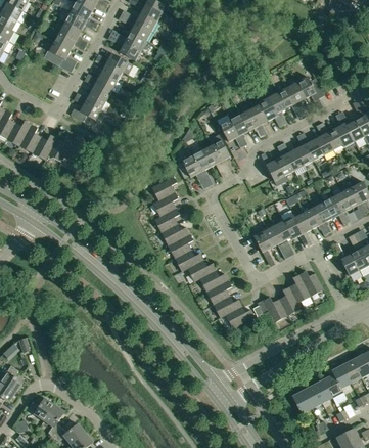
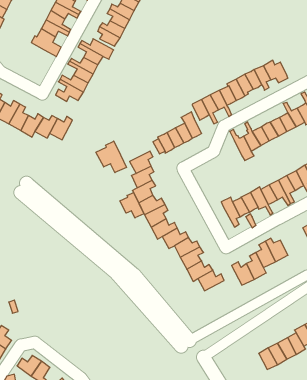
building: none -> [96,141,126,173]
building: none -> [120,192,144,218]

